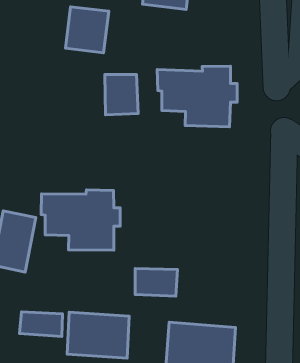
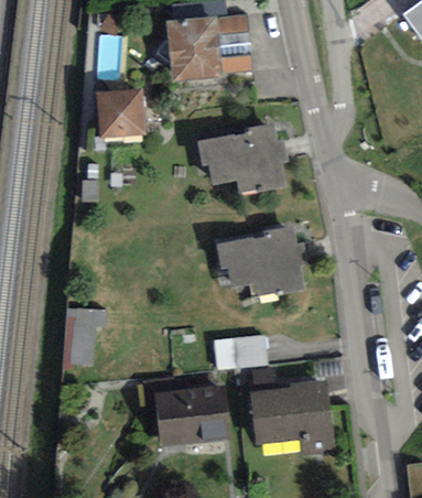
building: [105,74,138,115] -> none
building: [41,190,120,250] -> [220,226,306,294]
building: [20,312,62,336] -> none

